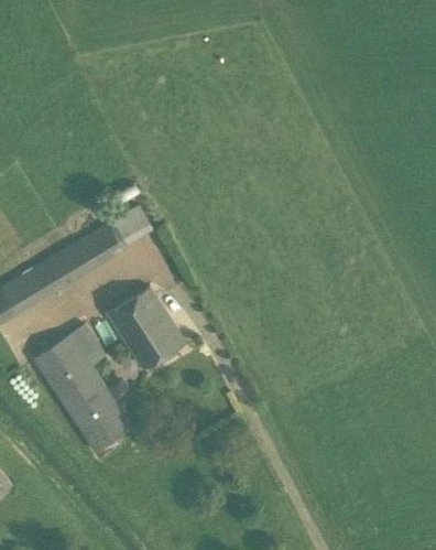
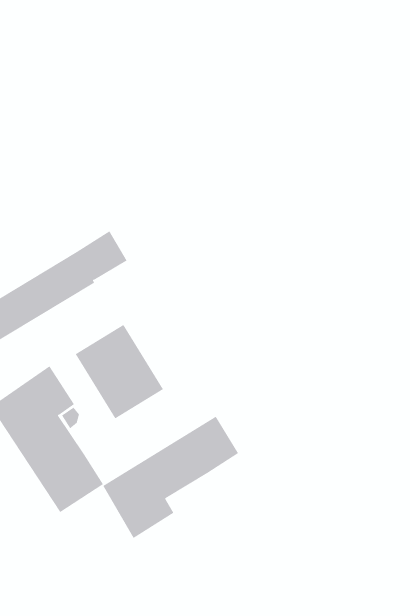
building: none -> [102,416,239,539]

